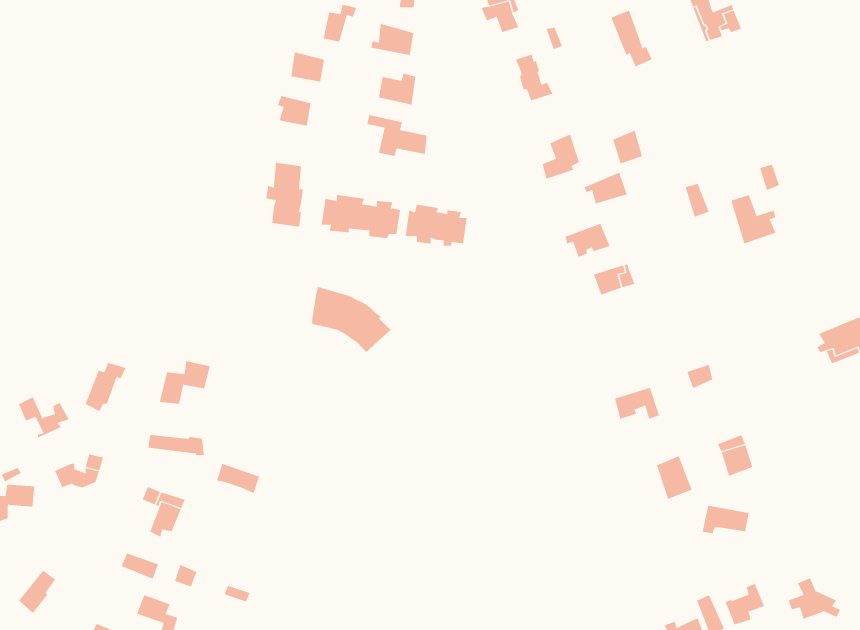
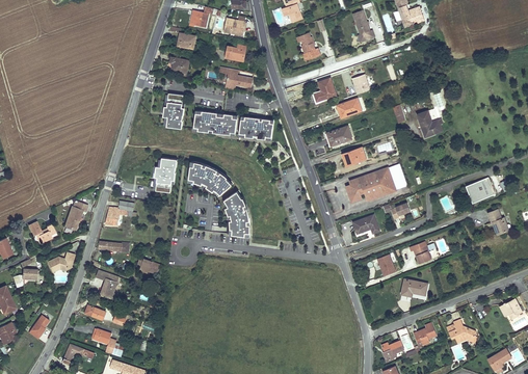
building: none -> [155,157,177,191]
building: none -> [346,167,396,203]
building: none -> [221,190,249,236]

